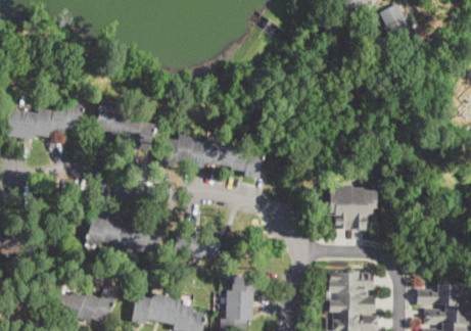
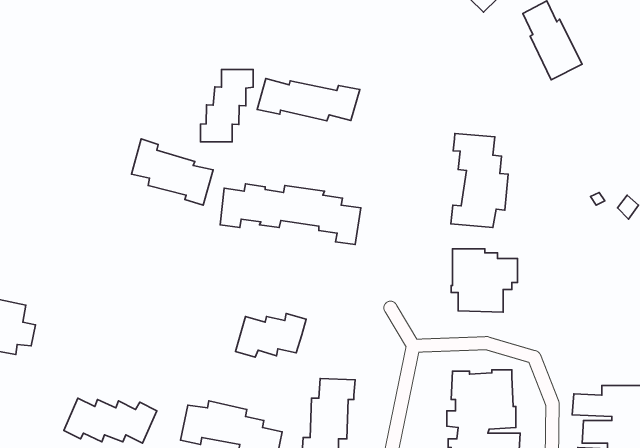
building: none -> [201,69,253,142]
building: none -> [257,78,360,121]
building: none -> [451,133,508,227]
building: [6,101,83,139] -> none
building: [87,215,162,253] -> none

